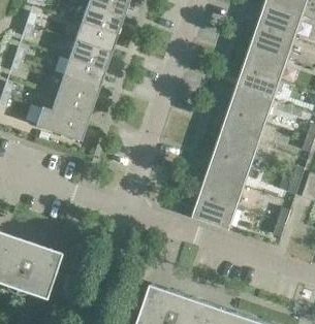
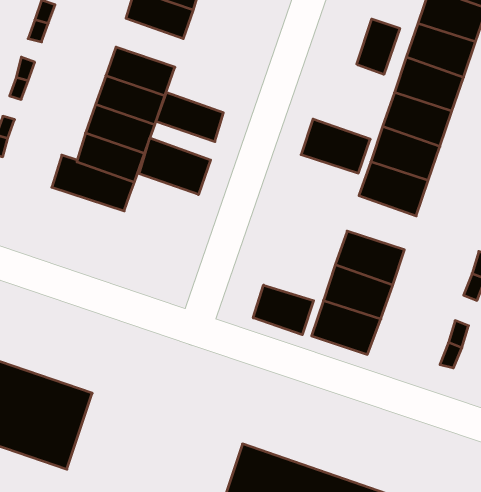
building: [73,24,115,54] -> [156,93,223,142]
building: none -> [357,19,400,74]
building: none -> [139,138,211,195]
building: [215,132,257,165] -> [301,119,370,173]
building: none -> [253,285,314,335]

